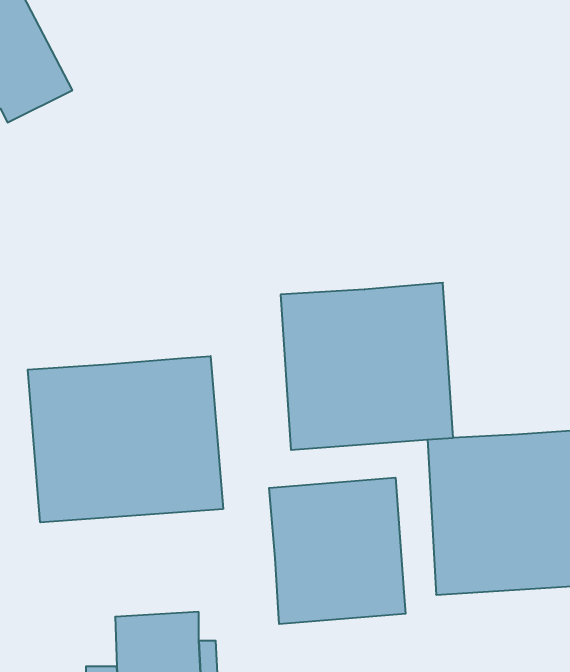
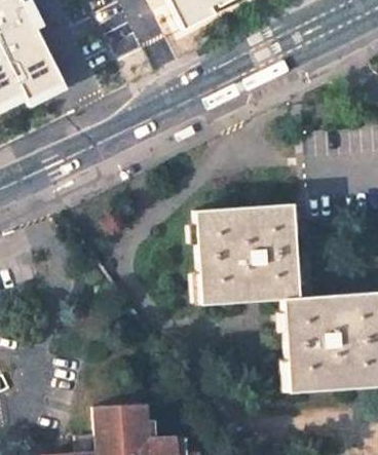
building: [28,356,223,522] -> none
building: [269,478,406,624] -> none

